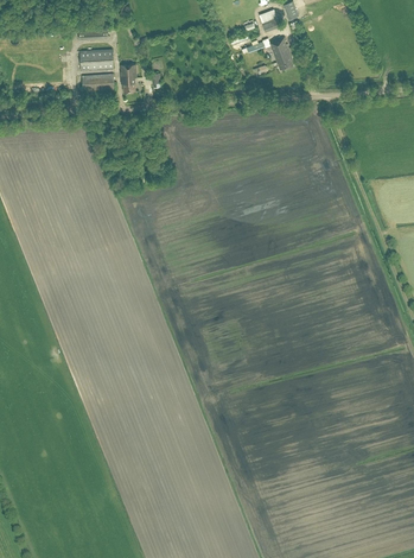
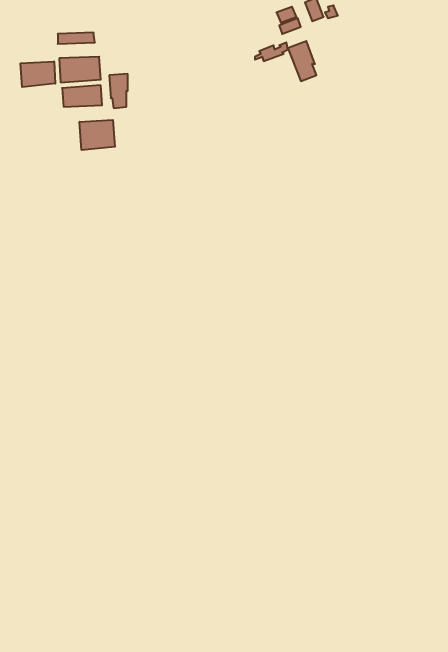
building: none -> [21,61,55,87]
building: none -> [80,120,115,150]

